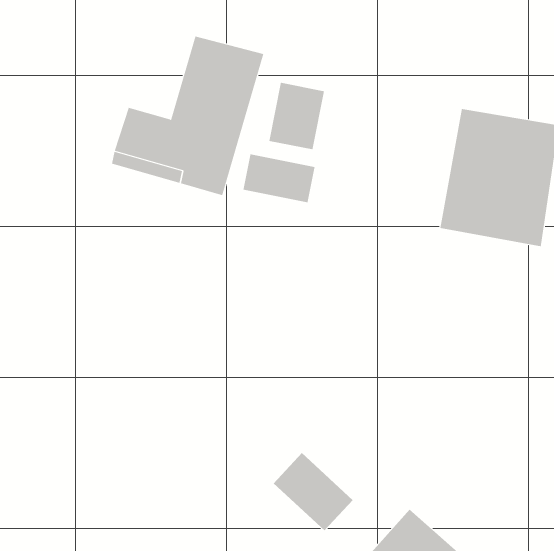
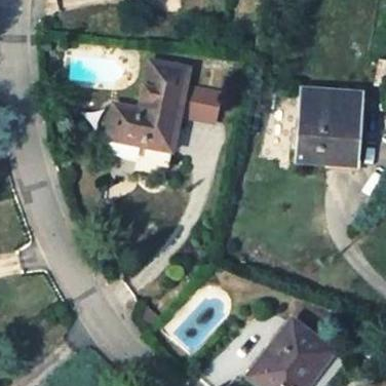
building: [243,153,315,203] -> none
building: [273,452,354,531] -> none

